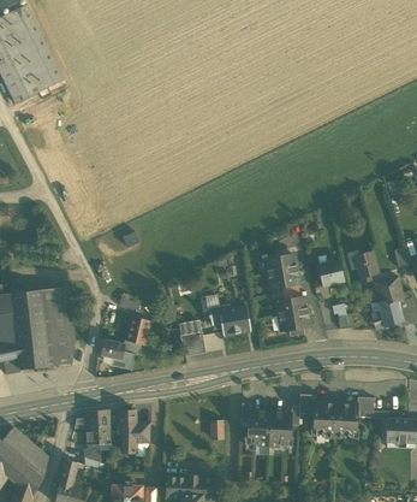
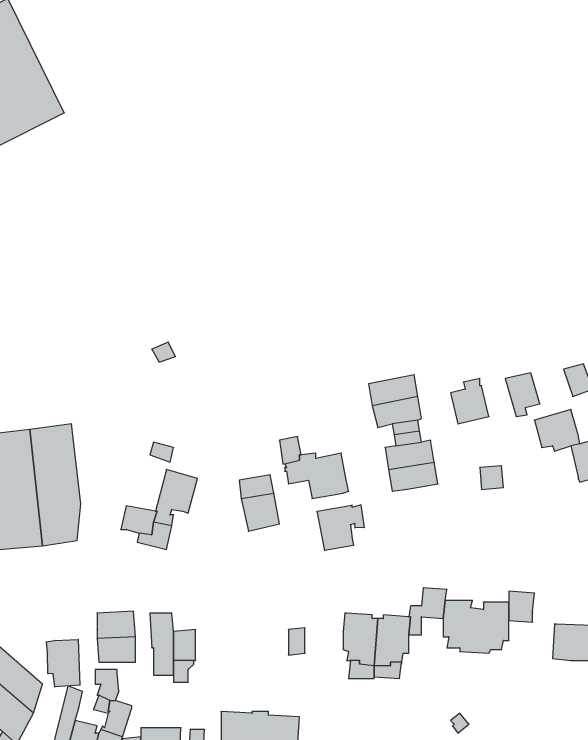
building: [371,300,403,329] -> none
building: none -> [317,505,364,551]
building: none -> [46,639,80,687]

